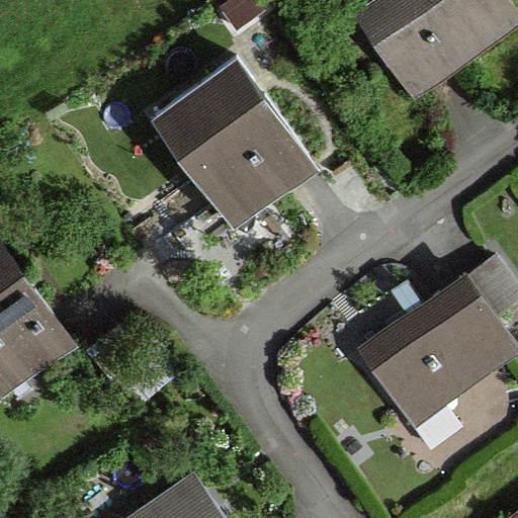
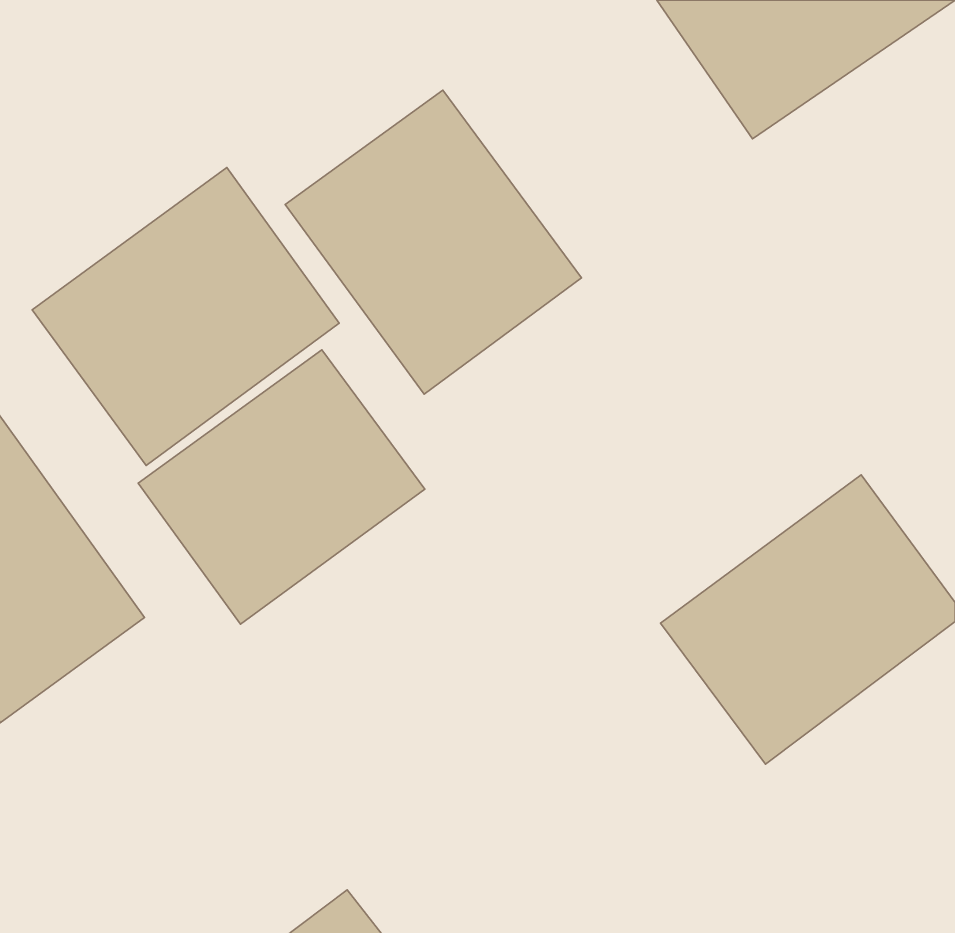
building: none -> [32,168,339,466]
building: none -> [138,350,425,624]

